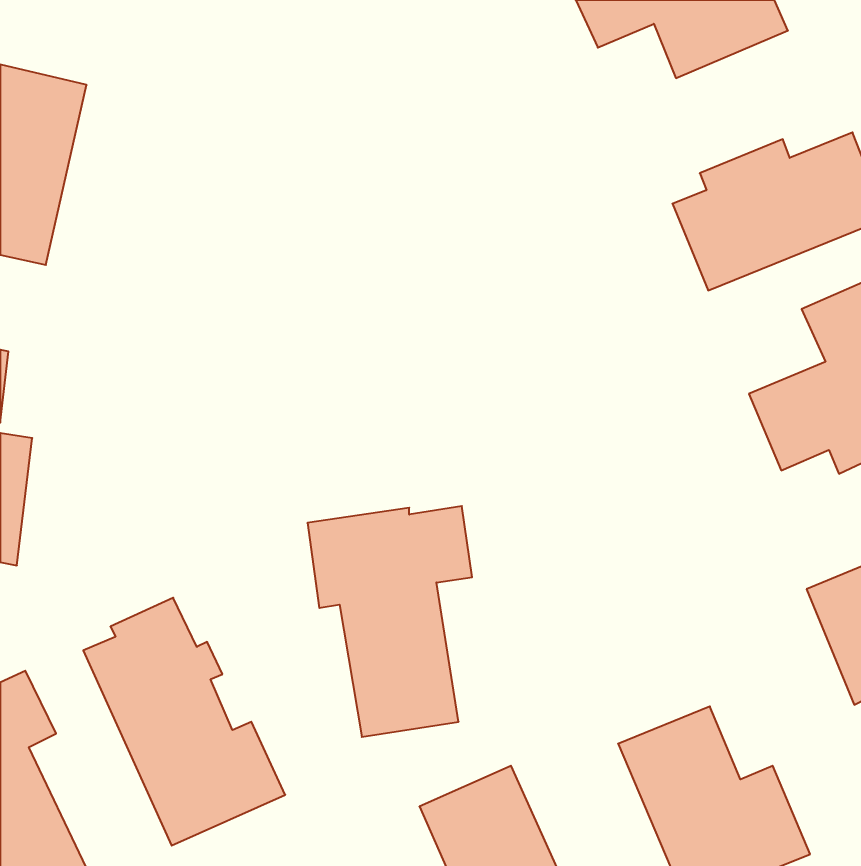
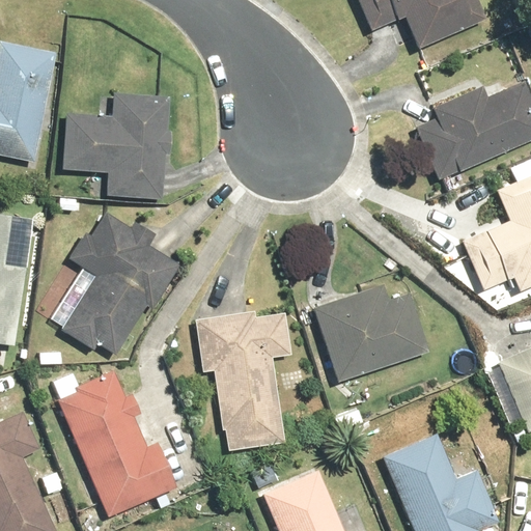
building: none -> [58,94,170,196]
building: none -> [61,213,180,353]
building: none -> [311,283,429,382]

